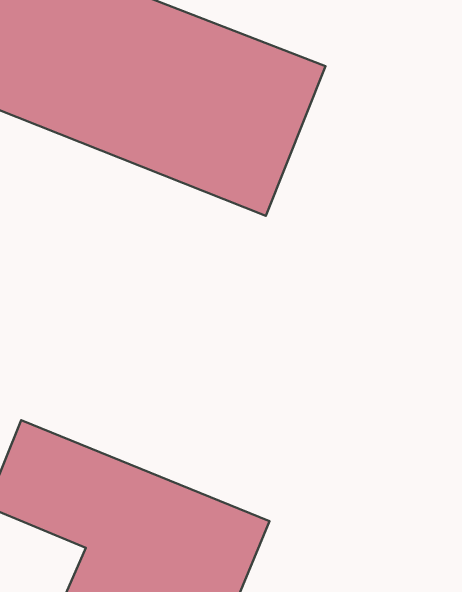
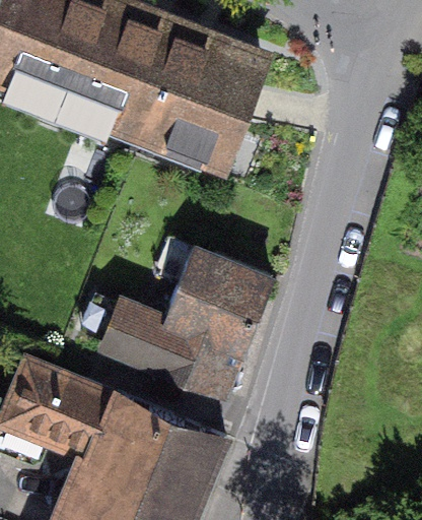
building: none -> [97,239,274,394]

